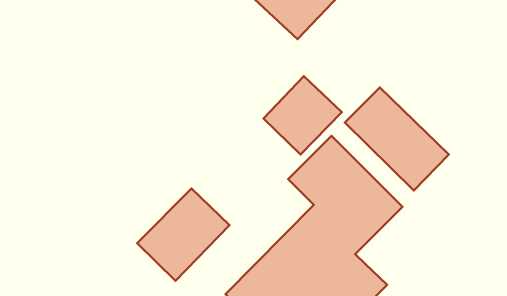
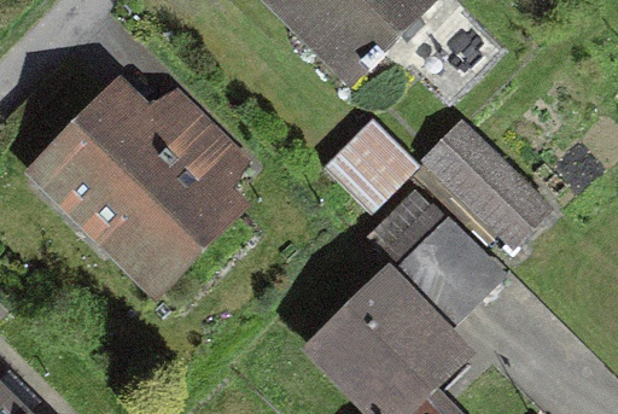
building: none -> [52,86,225,267]
building: [137,189,230,281] -> none

